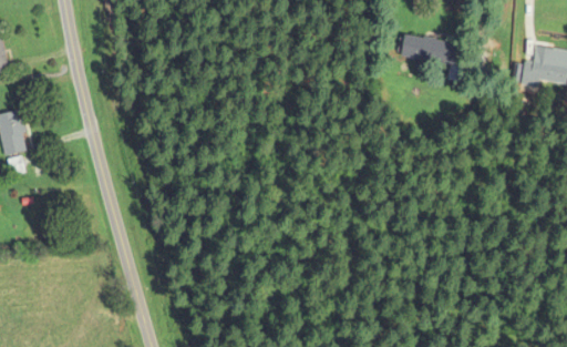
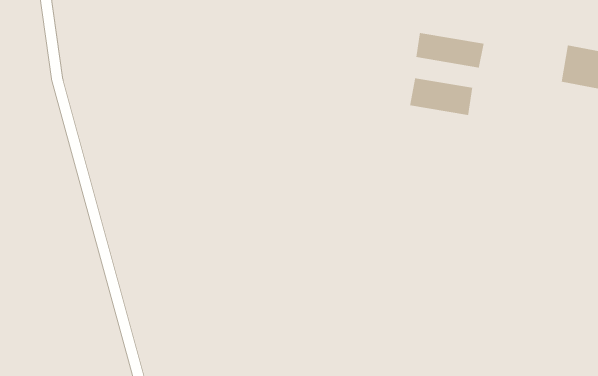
building: none -> [410,78,473,116]

